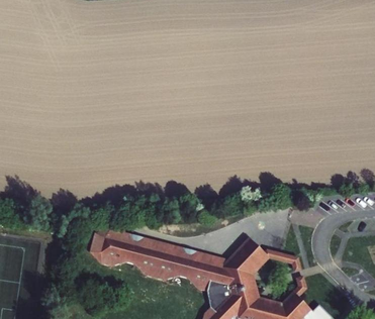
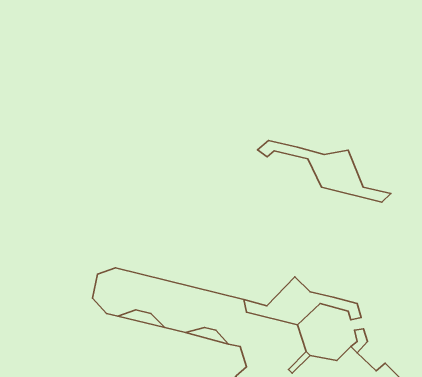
building: none -> [258,140,391,202]

